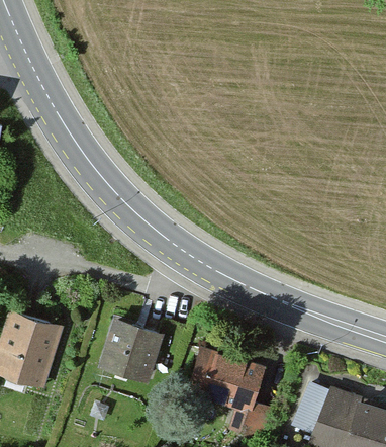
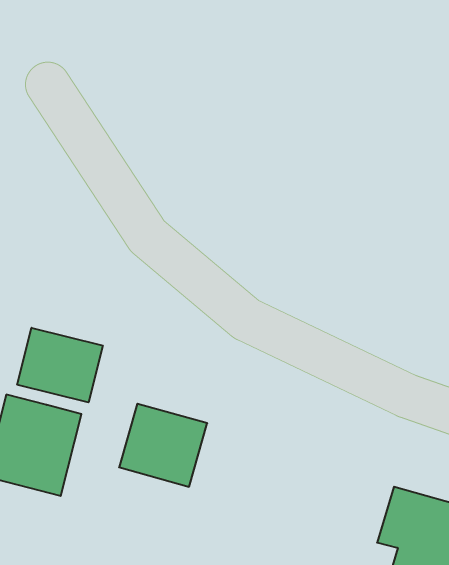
building: none -> [17,328,103,402]
building: [184,345,270,434] -> none

